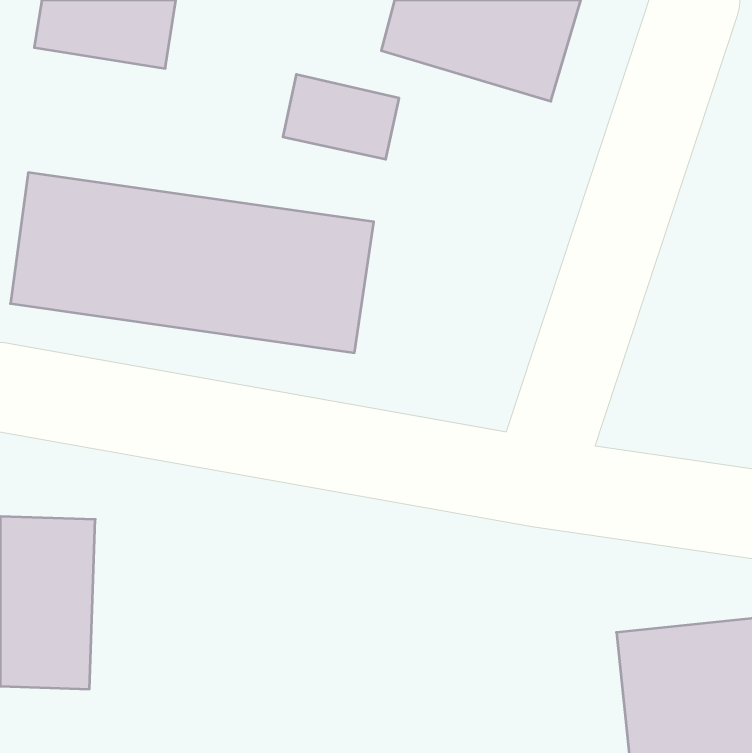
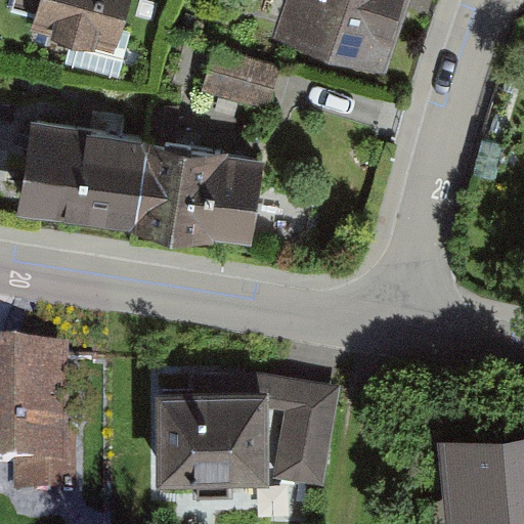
building: none -> [152,374,346,487]

